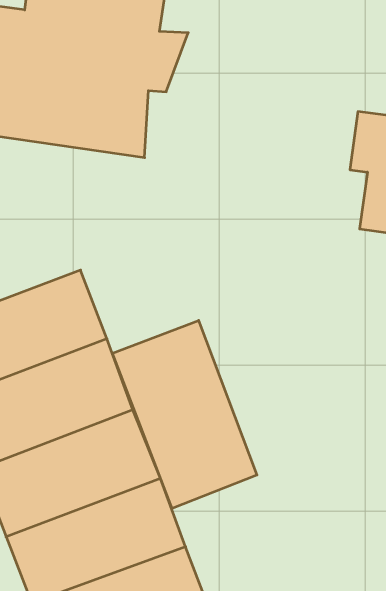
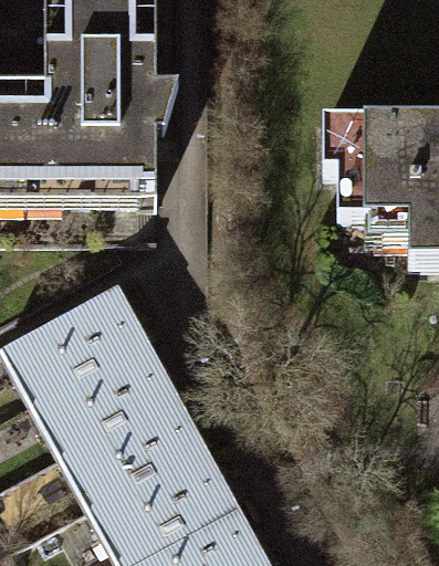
building: [113,320,257,509] -> none

